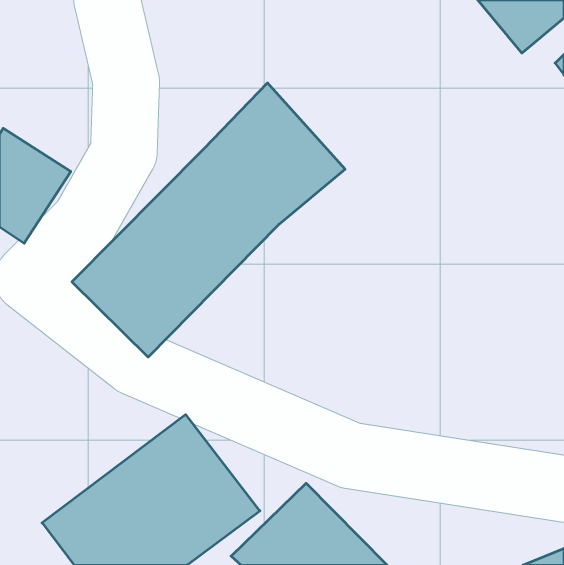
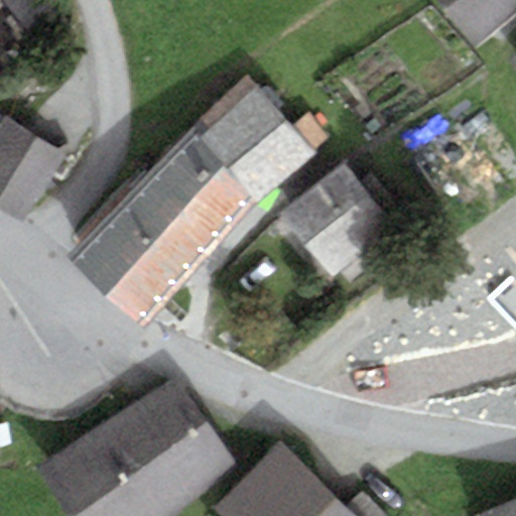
building: none -> [276,158,396,277]

